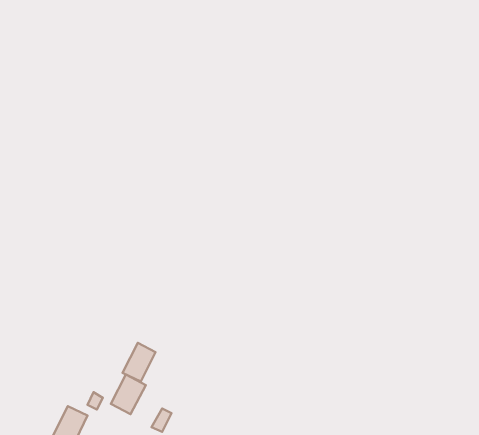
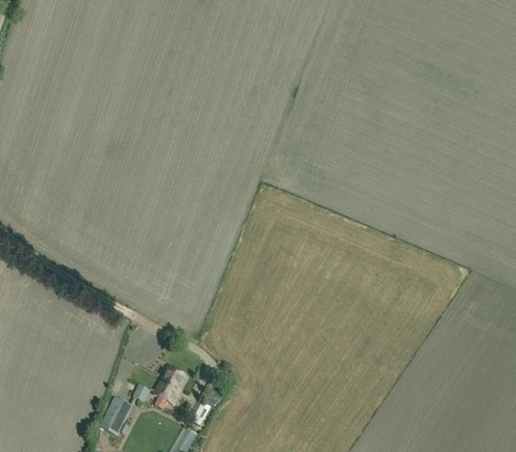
building: [122,343,155,382] -> none

